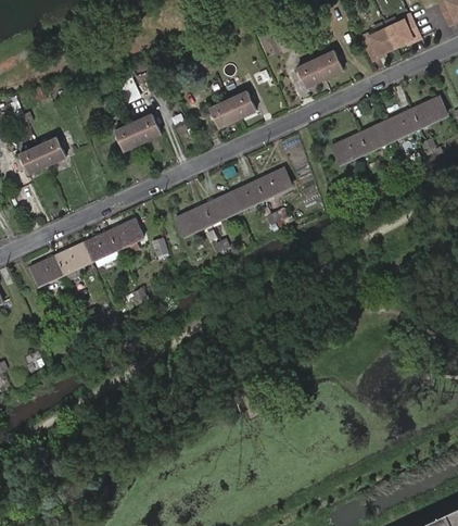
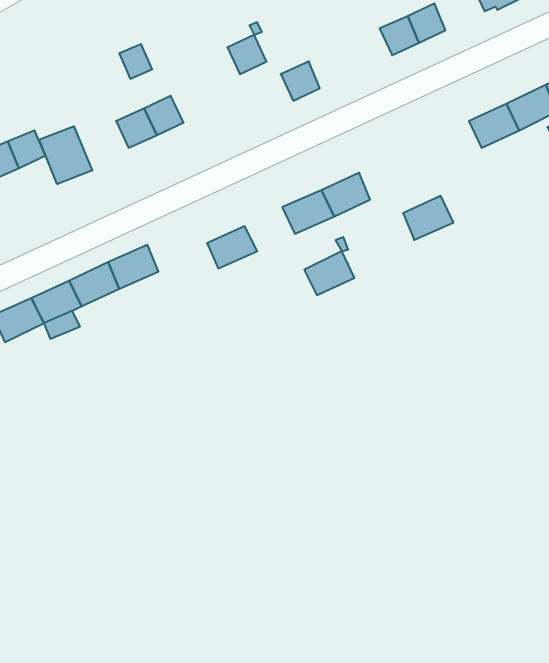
building: [209,100,237,127] -> [227,35,267,74]
building: [332,133,367,163] -> [403,196,453,240]
building: none -> [39,126,92,184]
building: [203,192,238,223] -> [304,251,354,295]

